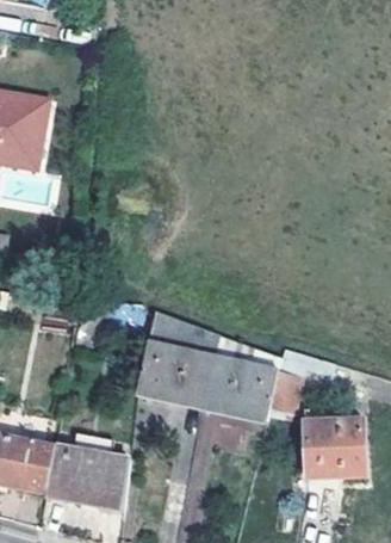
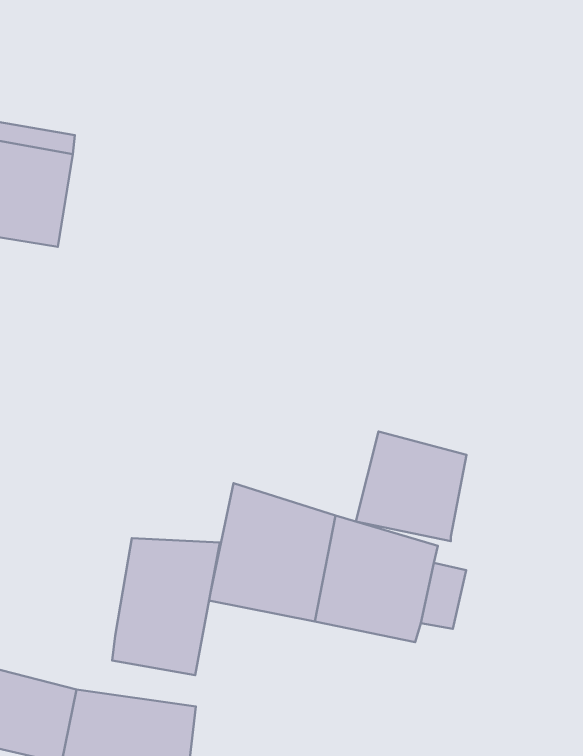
building: none -> [356,432,467,541]
building: none -> [112,538,220,675]
building: [303,416,365,475] -> none

